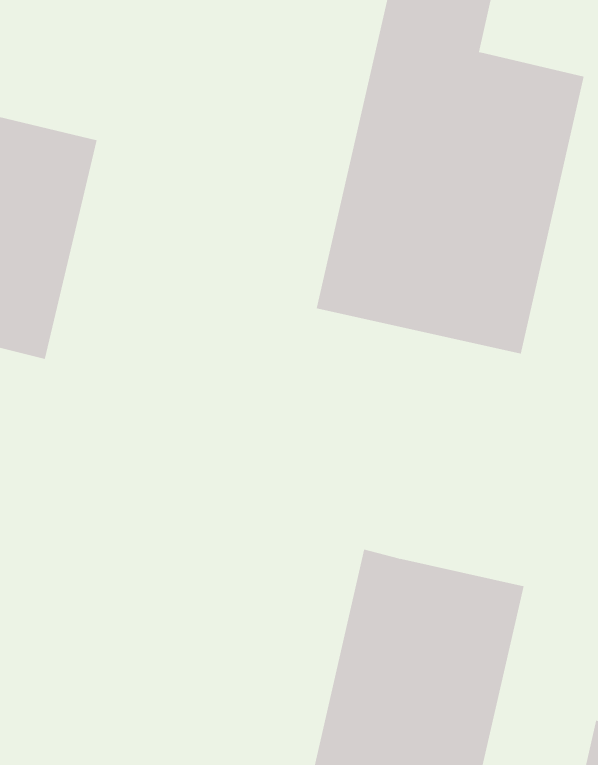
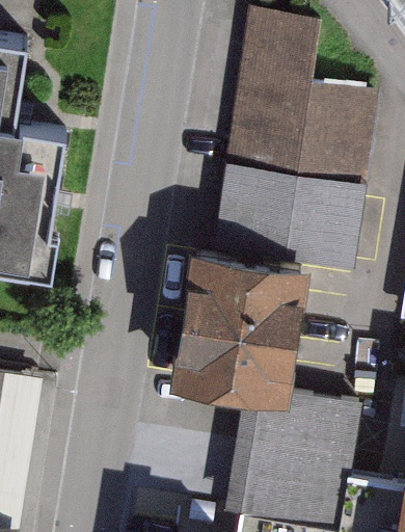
building: none -> [174,256,295,389]

